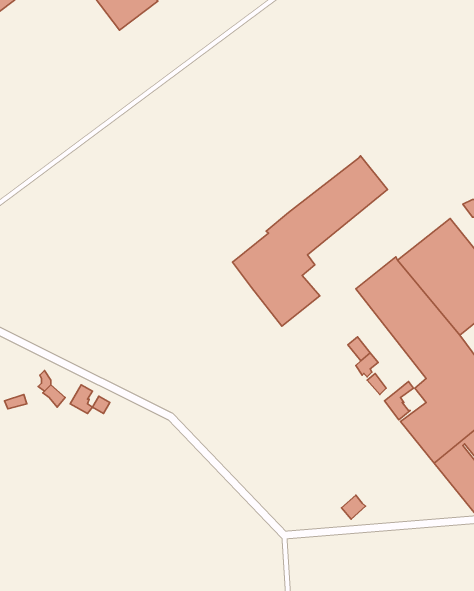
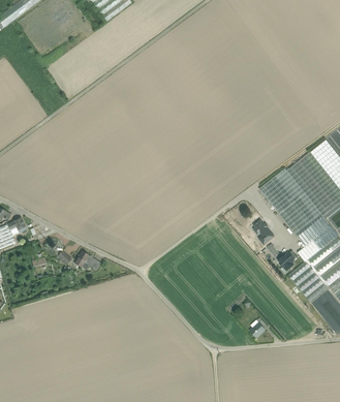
building: [232,156,388,326] -> none

